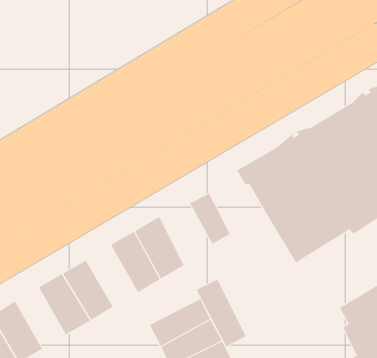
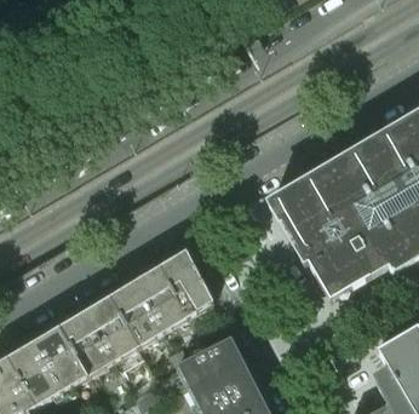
building: [190,193,231,244] -> none
building: none -> [109,280,163,345]
building: [196,279,246,347] -> none
building: none -> [34,324,87,390]

